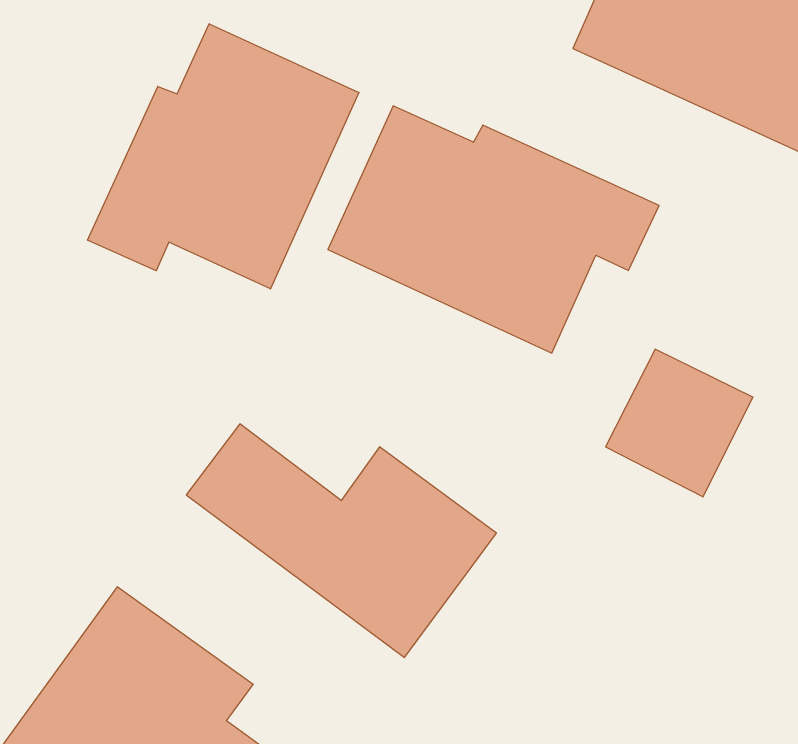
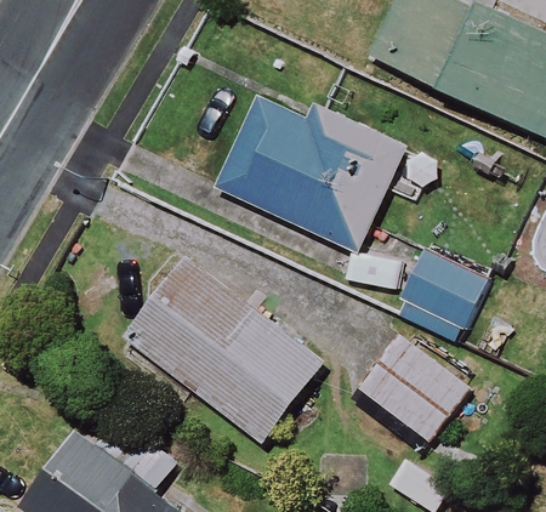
building: [88,24,359,289] -> none
building: none -> [353,335,471,449]

